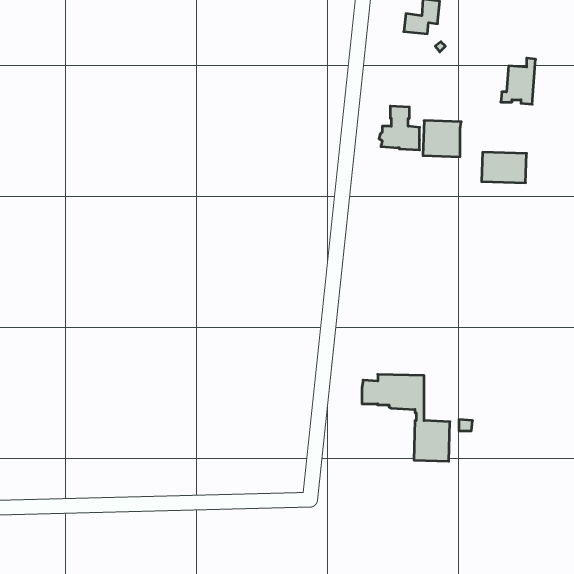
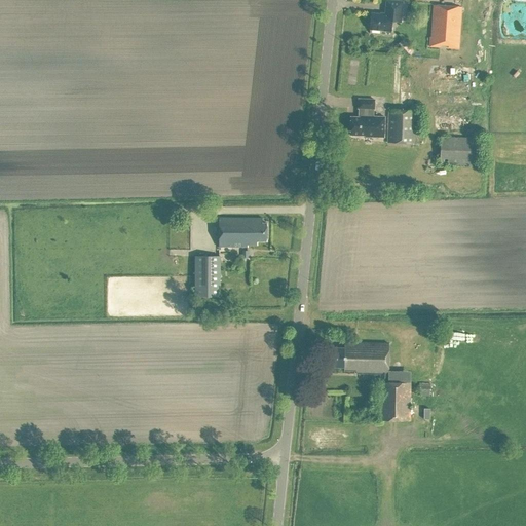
building: [501,58,536,104] -> [427,5,459,47]
building: none -> [217,216,264,245]
building: none -> [196,259,221,300]

